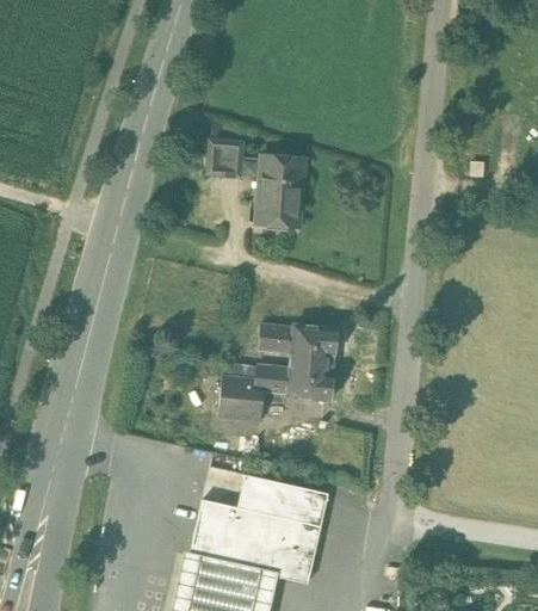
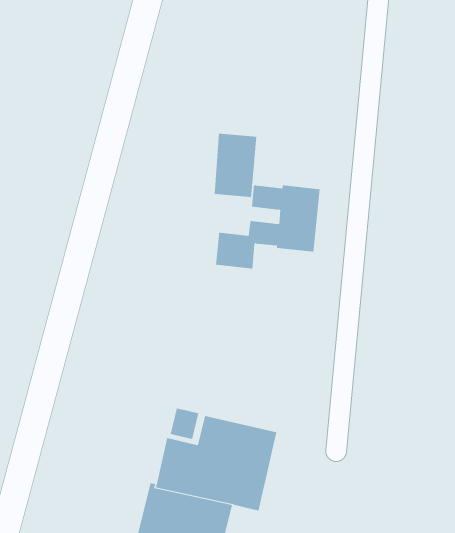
building: [208,141,243,178] -> none
building: [218,325,338,420] -> [215,185,321,269]

